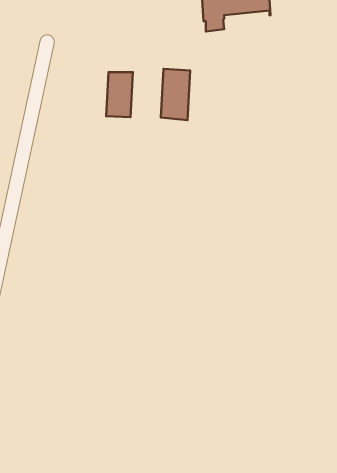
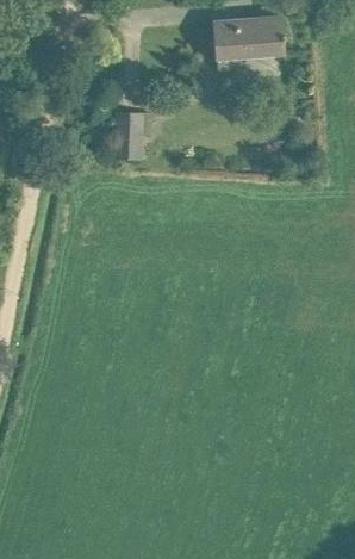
building: [161,69,190,120] -> none

